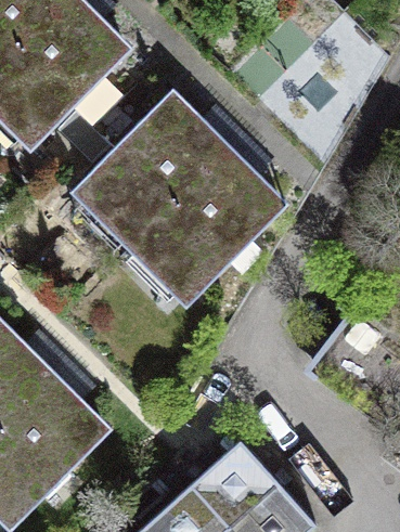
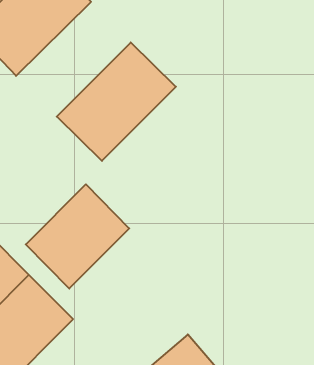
building: [137,150,279,293] -> none
building: none -> [26,184,129,289]

